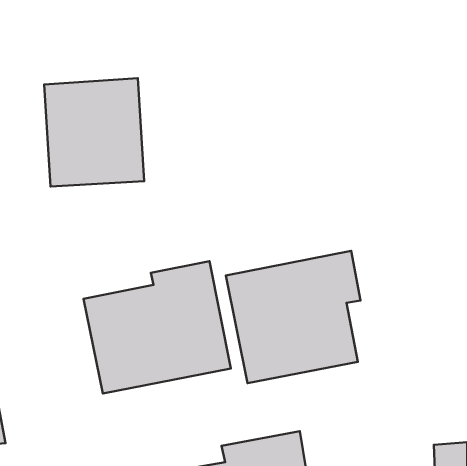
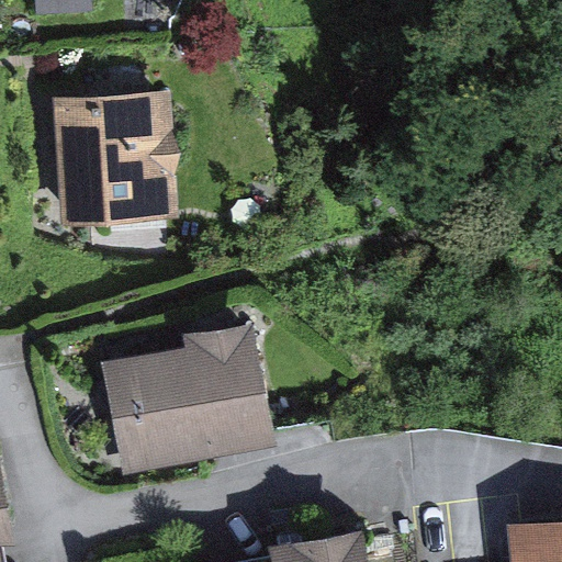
building: [226,251,361,383] -> none

